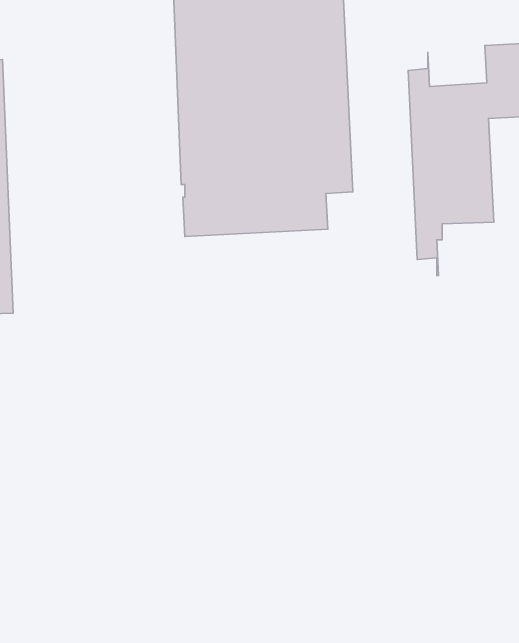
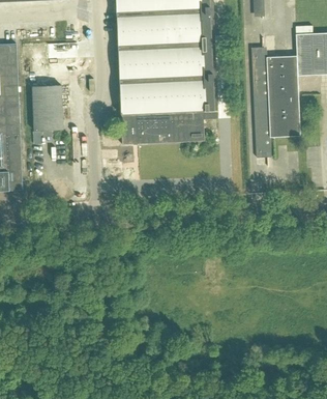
building: none -> [32,86,63,131]

